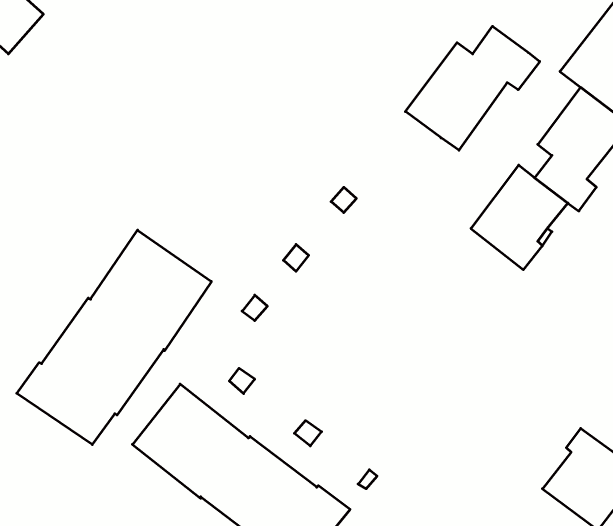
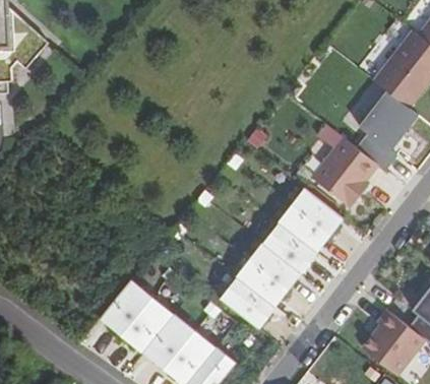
building: [405,26,540,150] -> none
building: [17,230,211,445] -> none
building: none -> [220,188,343,329]

